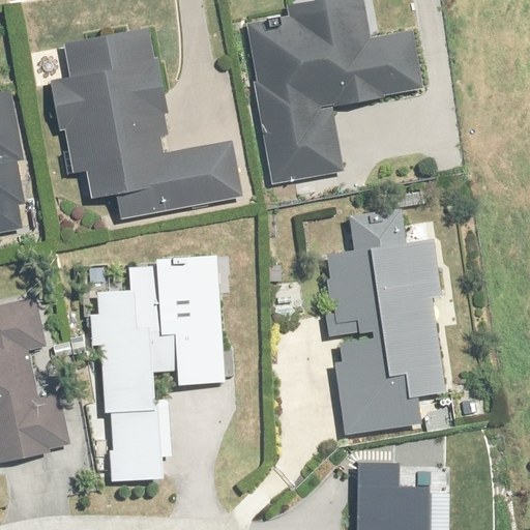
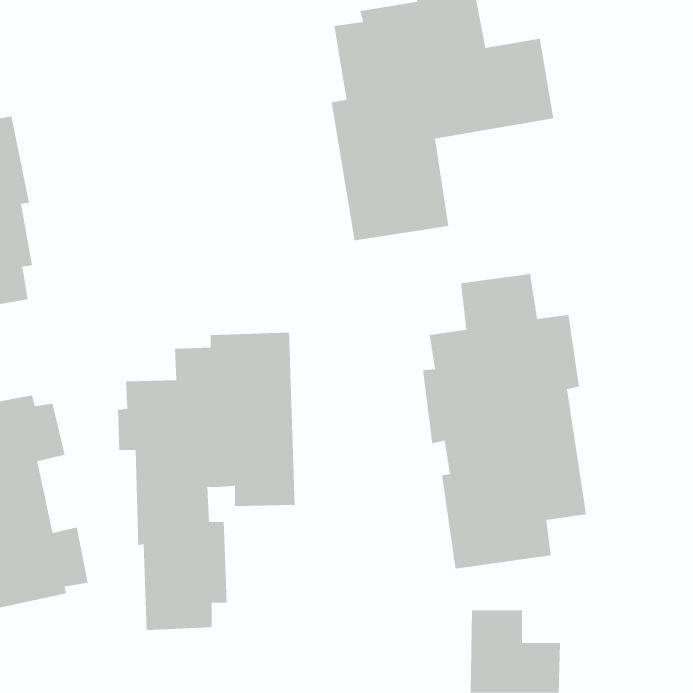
building: [50,29,241,219] -> none

